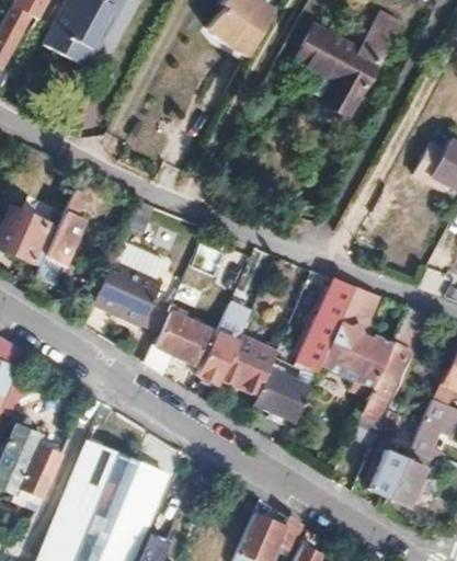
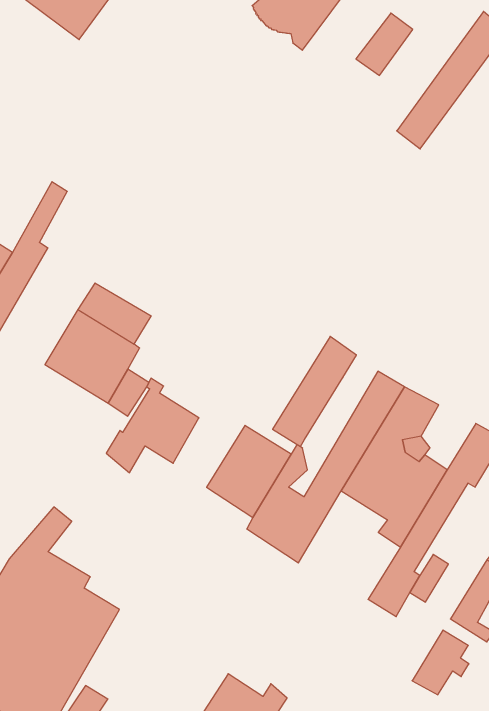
building: [301,28,357,103] -> none
building: [197,301,251,383] -> [273,336,356,446]
building: [368,450,405,499] -> none

